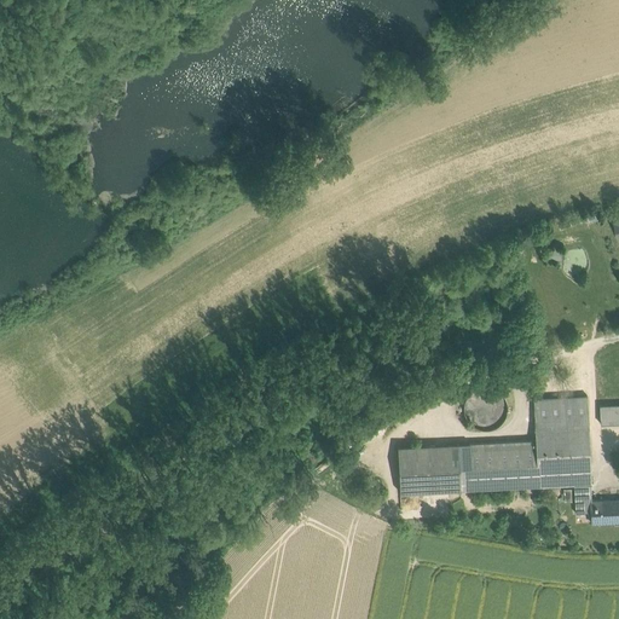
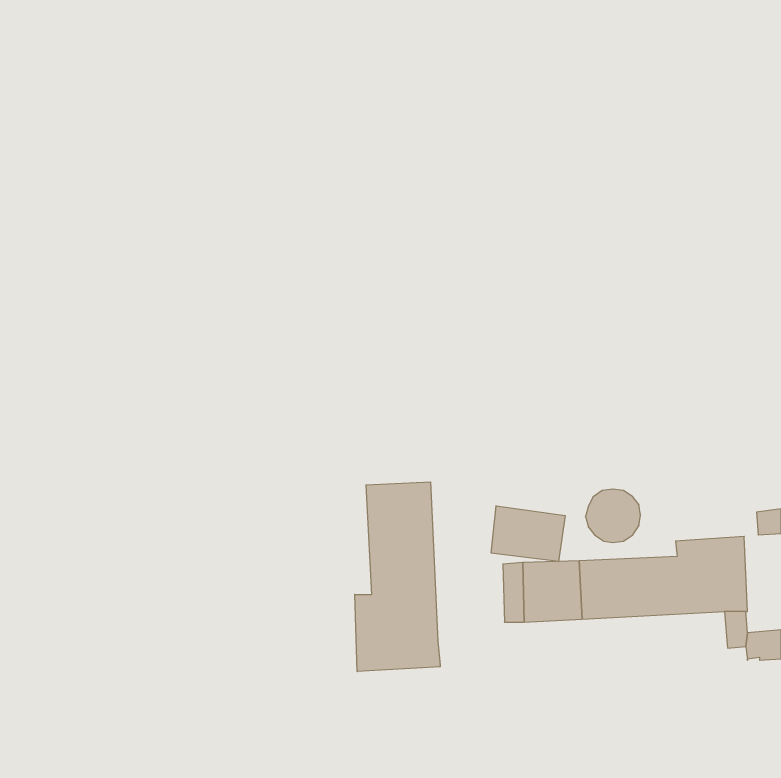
building: none -> [355,482,440,672]
building: [533,398,589,430] -> none
building: none -> [491,506,565,562]

